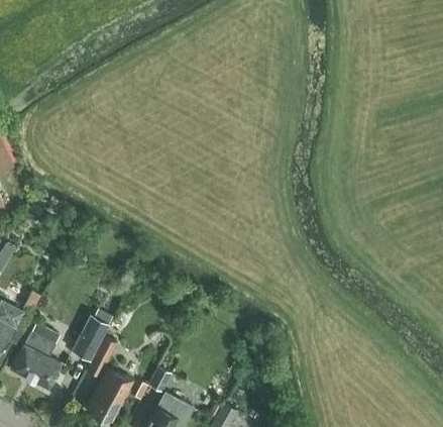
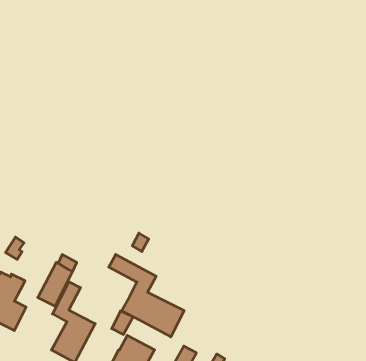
building: none -> [109,254,184,337]

